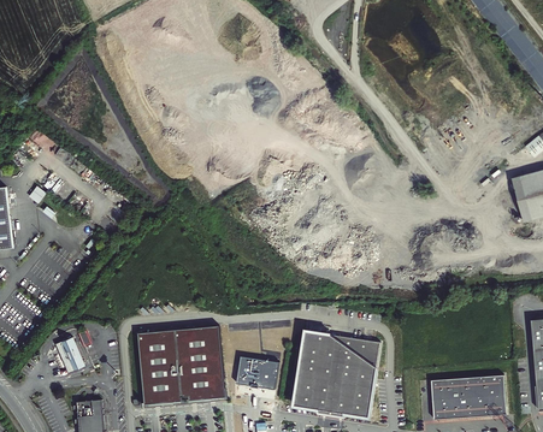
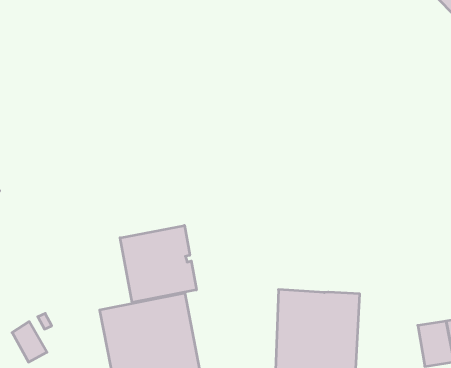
building: none -> [120,225,196,302]
building: [234,356,277,390] -> none

